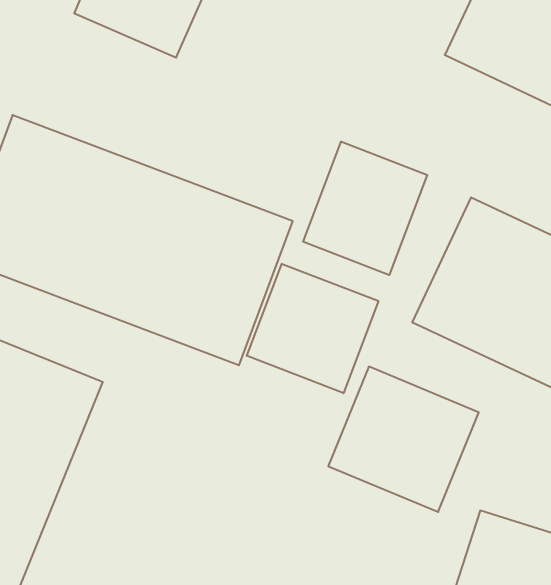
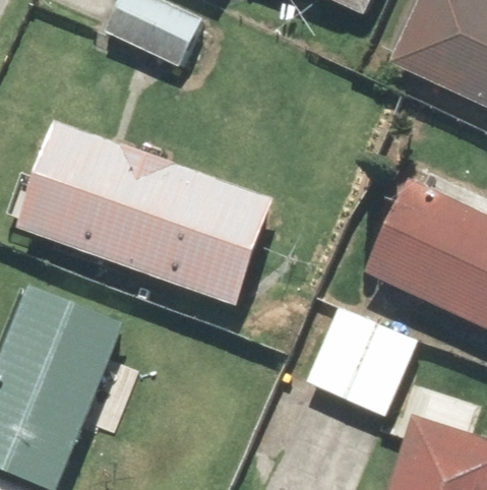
building: [303,142,427,275] -> none
building: [247,264,378,393] -> none

